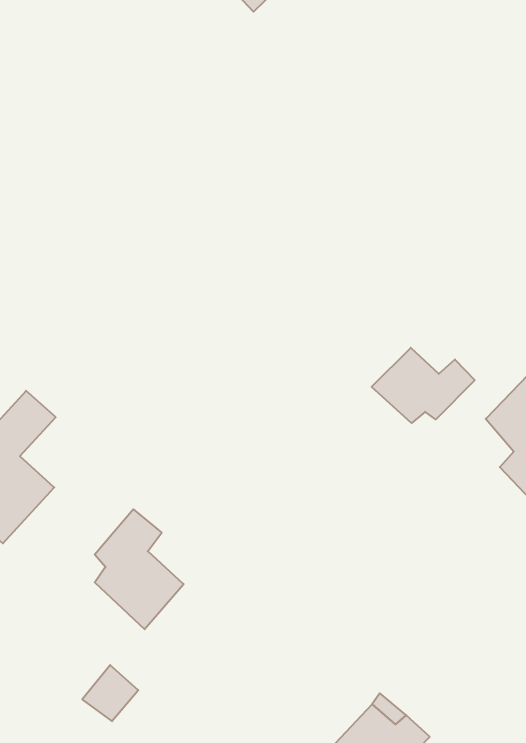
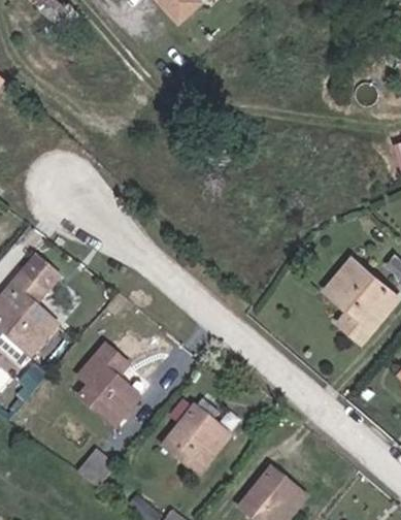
building: [372,348,475,423] -> none
building: none -> [163,396,225,466]

